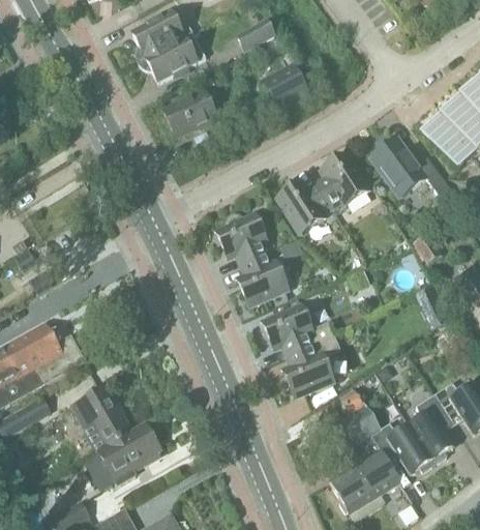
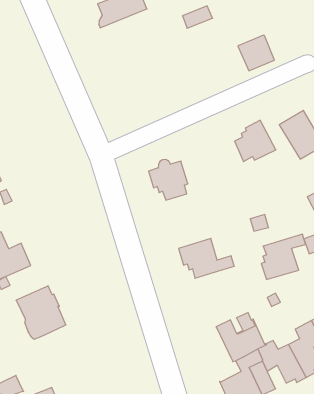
building: [139,32,207,83] -> none
building: [262,62,308,108] -> [238,35,274,71]
building: [163,91,216,136] -> none
building: [278,183,331,233] -> none
building: [241,254,288,305] -> none
building: [287,336,338,396] -> [261,234,306,279]
building: [85,423,160,489] -> none

